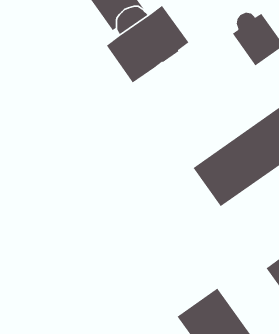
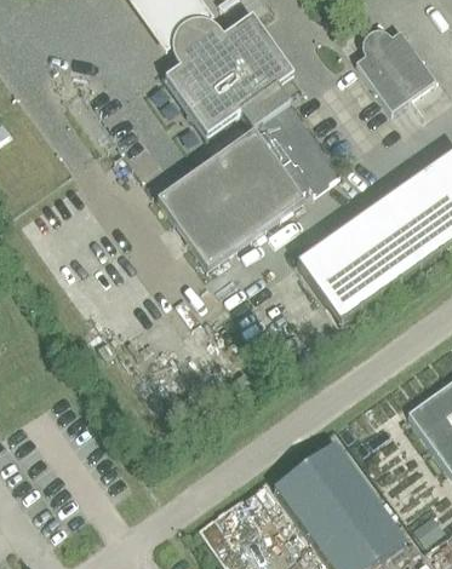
building: none -> [159,84,339,265]

